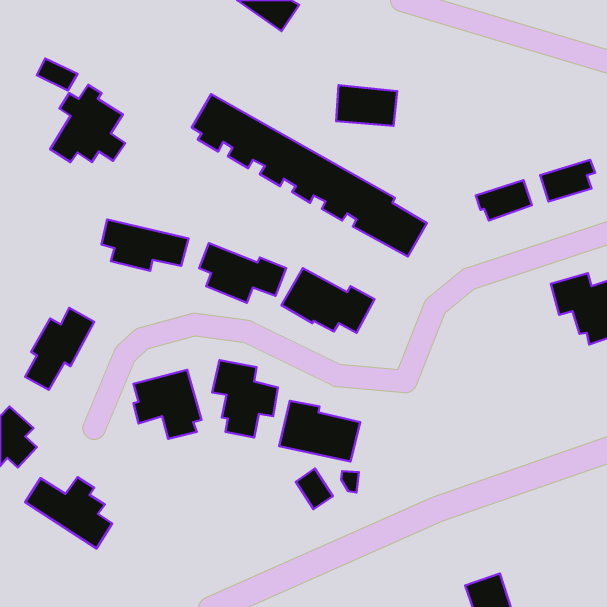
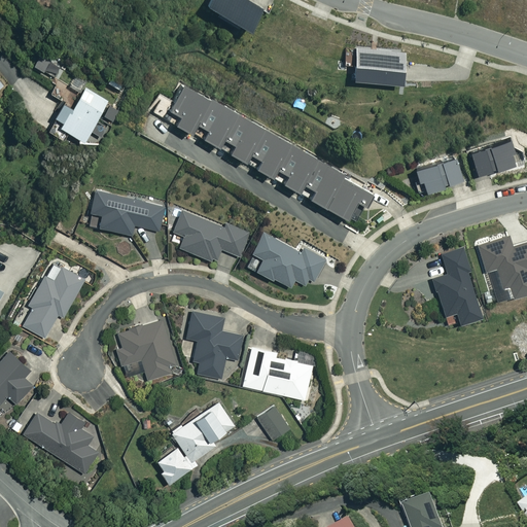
building: [336,85,397,126] -> [351,47,403,82]
building: none -> [431,249,484,330]
building: none -> [154,402,235,485]

